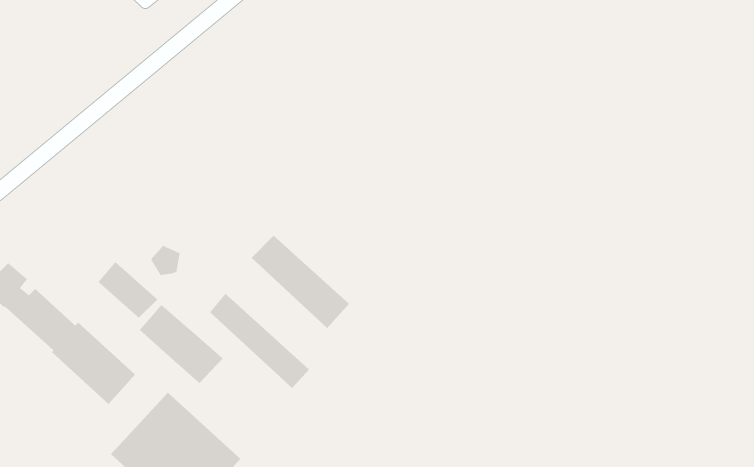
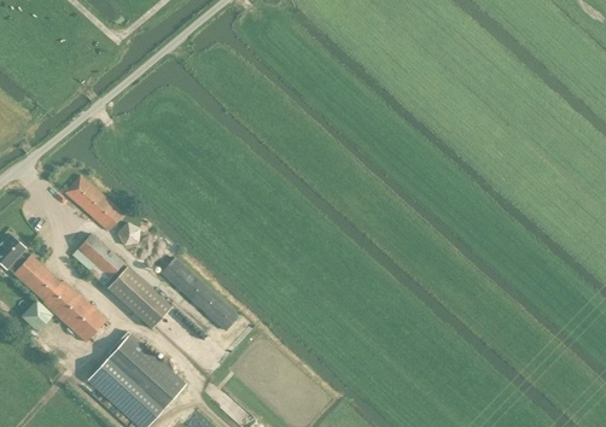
building: none -> [65,176,123,230]
building: [251,235,350,329] -> none

